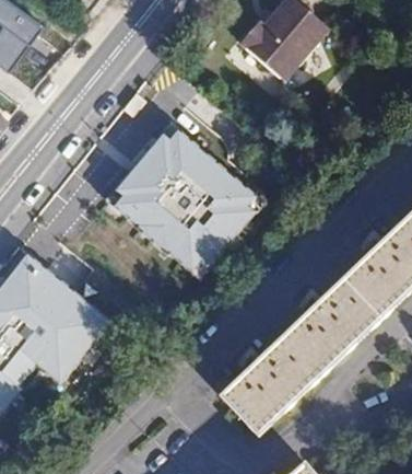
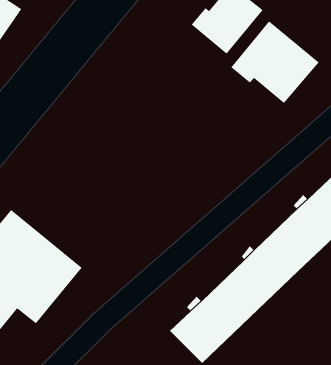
building: none -> [231,20,319,104]
building: [108,126,266,282] -> none

